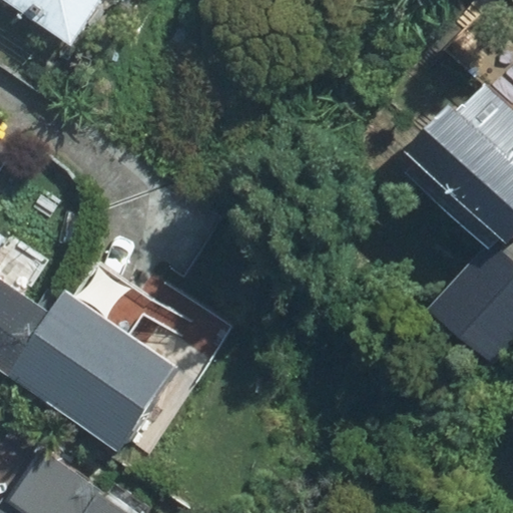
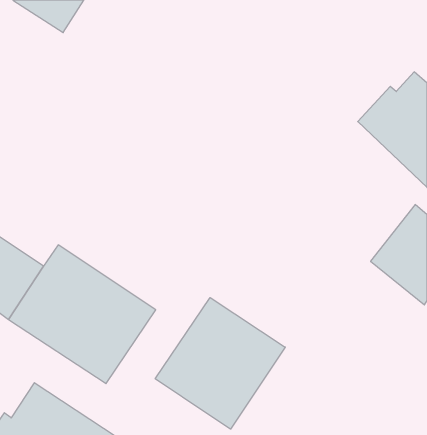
building: none -> [155,298,285,429]

